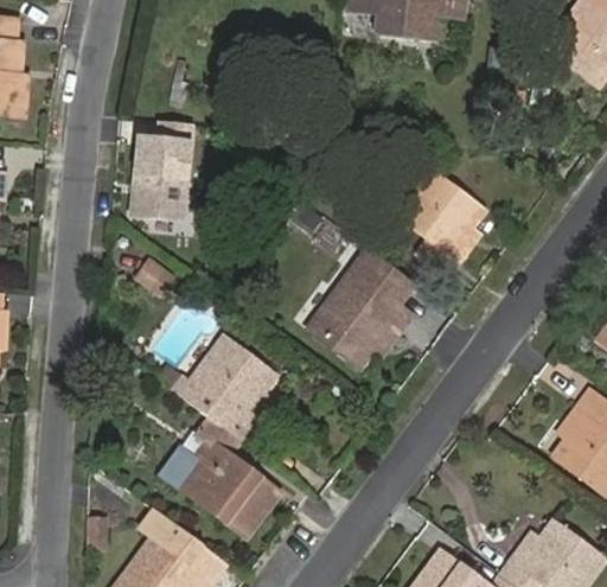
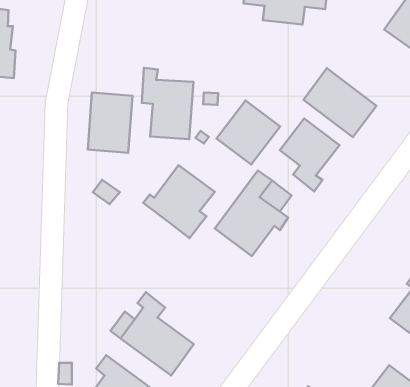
building: none -> [142,68,193,139]
building: none -> [303,68,376,137]
building: none -> [216,100,280,164]
building: [173,336,274,439] -> [143,165,215,238]

